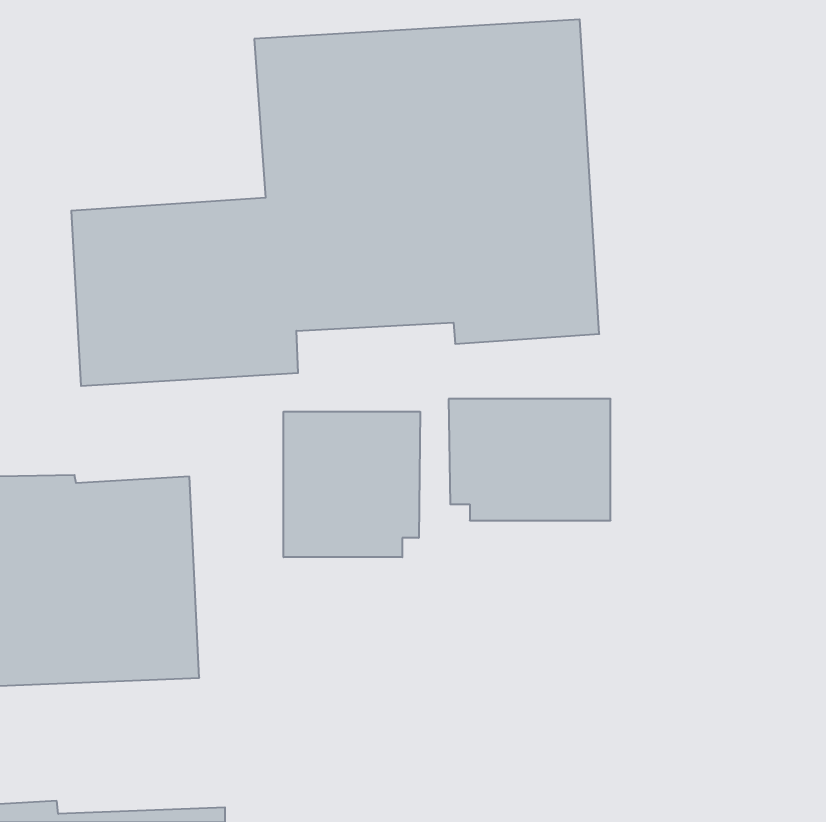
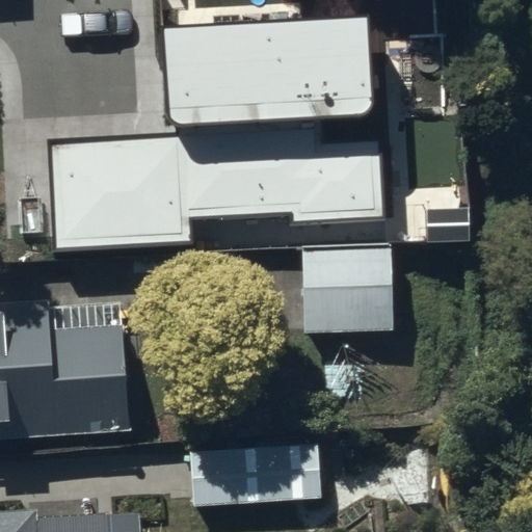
building: [284,412,420,557] -> none
building: none -> [189,447,318,506]

